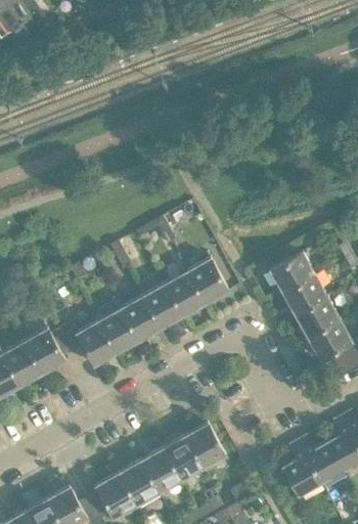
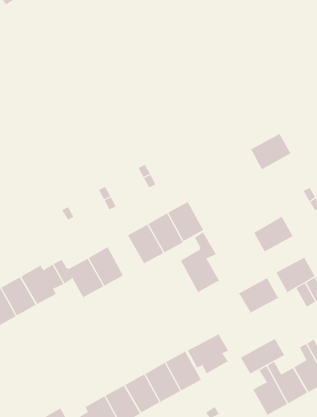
building: [269,252,315,294] -> [250,133,291,171]
building: none -> [179,232,220,294]
building: [121,295,162,341] -> none
building: [294,297,341,338] -> [237,277,280,314]
building: none -> [186,333,230,374]
building: none -> [239,338,286,375]

